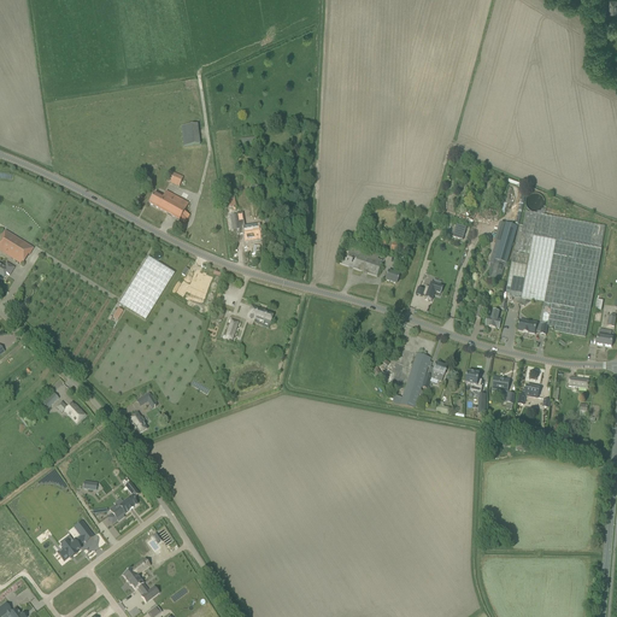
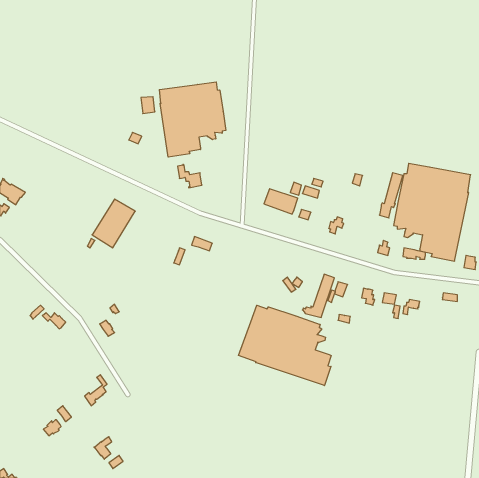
building: none -> [159,82,226,157]
building: [147,189,188,221] -> none
building: none -> [239,305,331,386]

